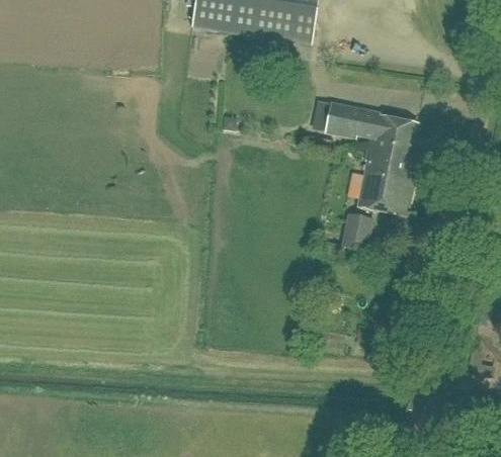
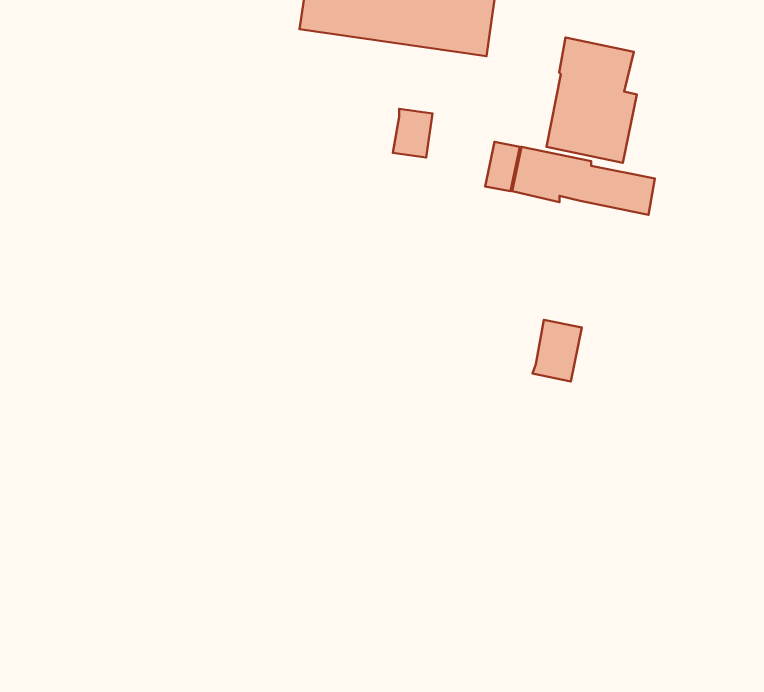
building: none -> [393,109,433,158]
building: [358,135,416,215] -> [547,38,637,163]

